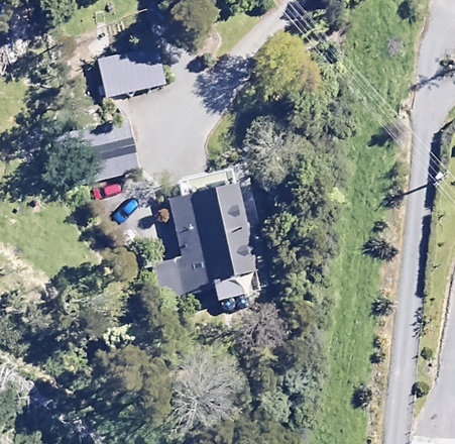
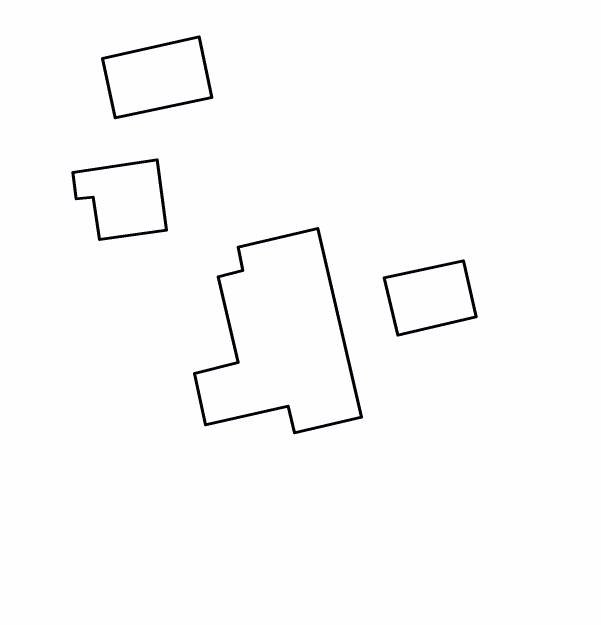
building: none -> [384,261,476,335]

